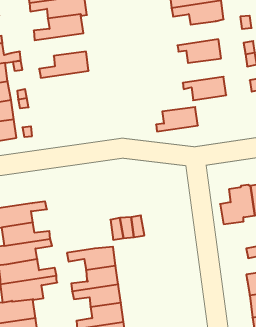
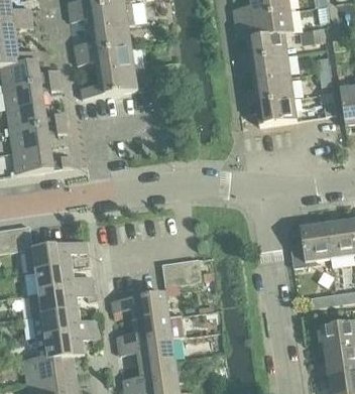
building: none -> [239,33,287,61]
building: none -> [75,47,134,74]
building: [156,107,198,131] -> [245,77,293,105]

